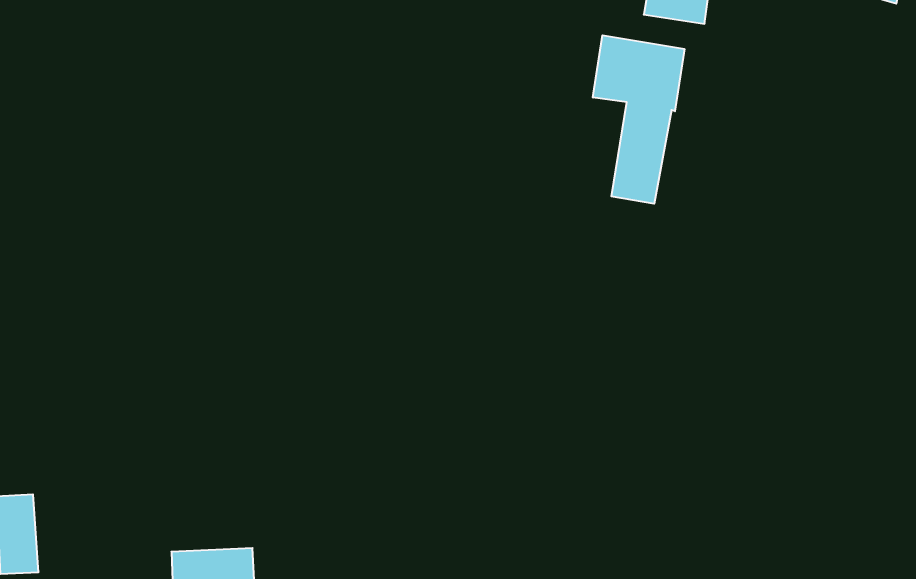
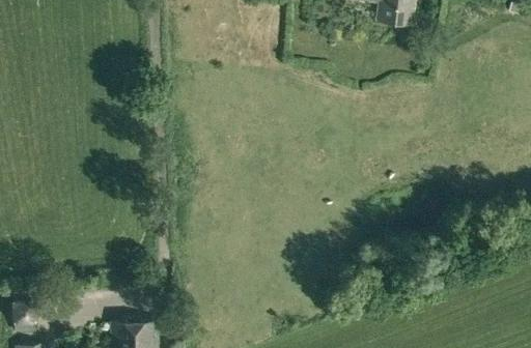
building: [593,35,684,204] -> none

